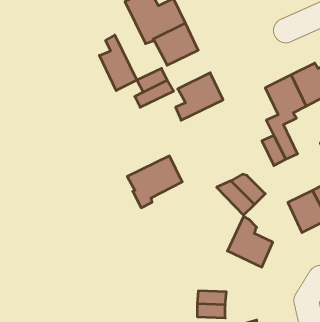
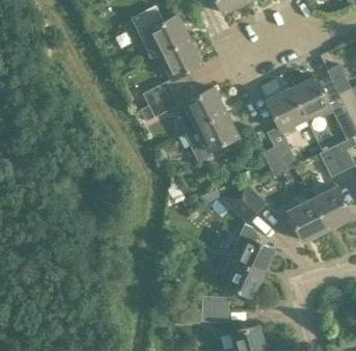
building: [99,35,137,91] -> none
building: [127,156,182,208] -> [186,112,239,162]
building: none -> [221,258,264,296]

